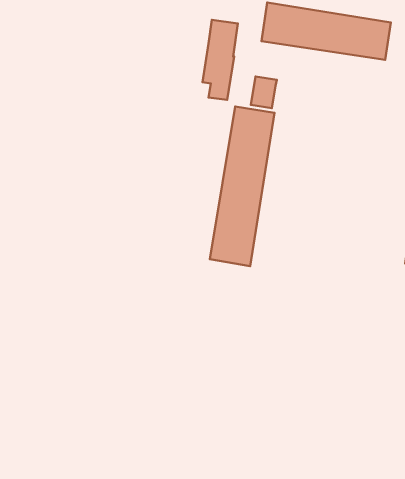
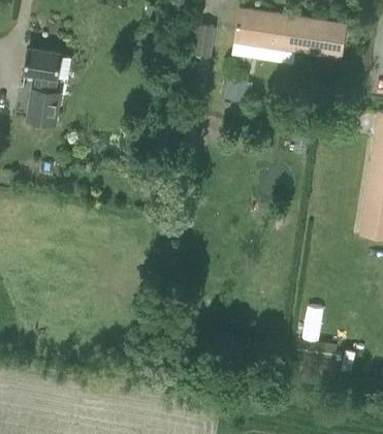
building: none -> [25,49,73,125]
building: [210,106,275,266] -> none

